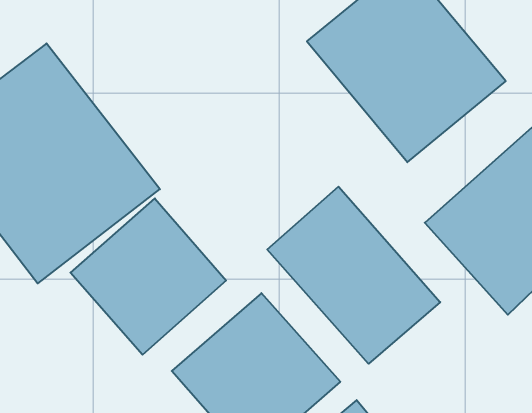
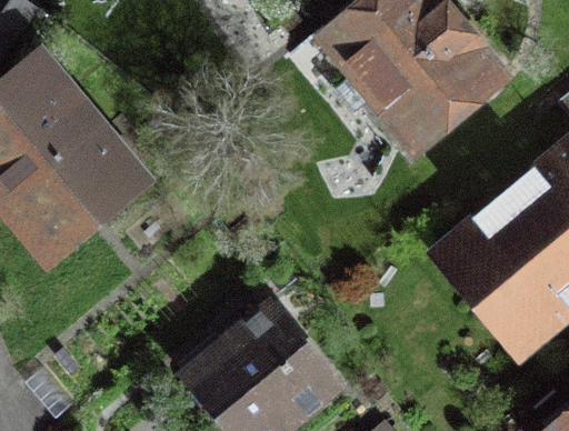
building: [267,187,440,364] -> none
building: [70,198,226,355] -> none

